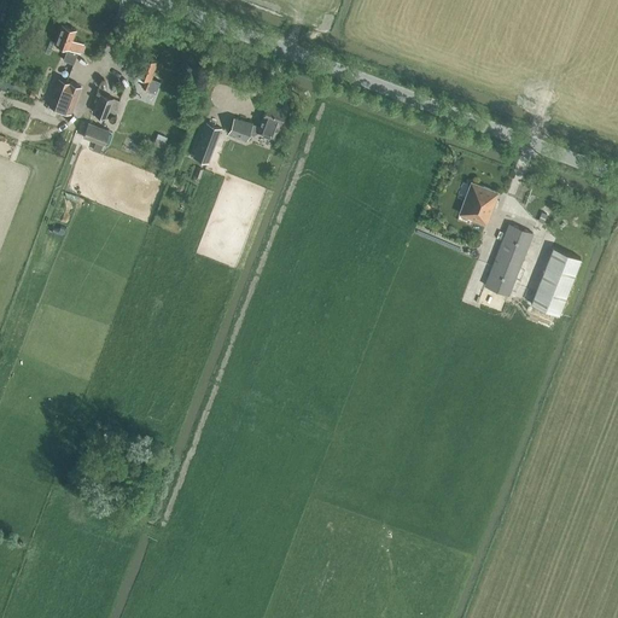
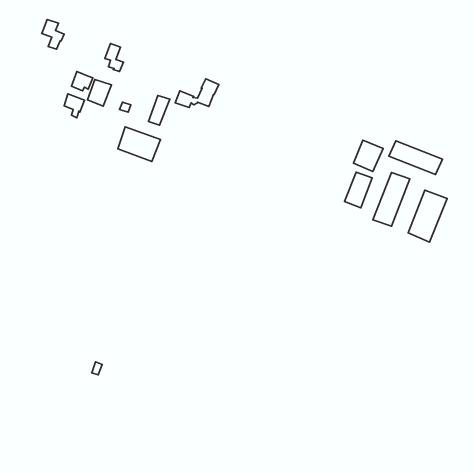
building: [49,80,81,115] -> [88,79,112,106]
building: none -> [118,127,160,162]
building: none -> [389,141,442,174]
building: none -> [344,172,372,208]

